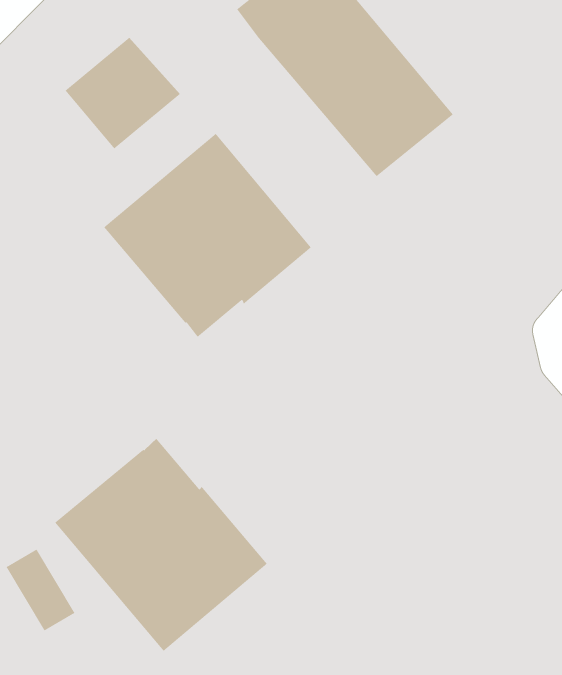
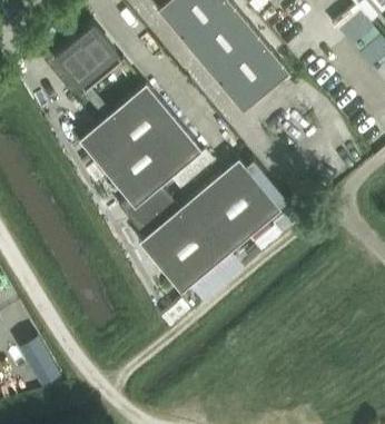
building: none -> [119,159,280,294]
building: [54,438,268,652] -> none

